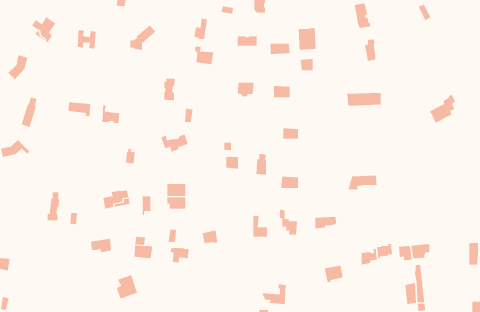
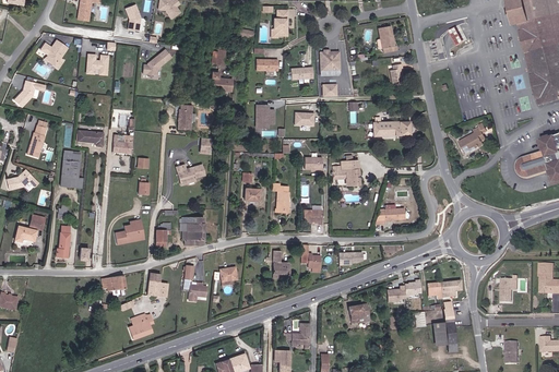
building: none -> [60,149,83,188]
building: none -> [332,159,359,184]
building: none -> [13,214,45,247]

